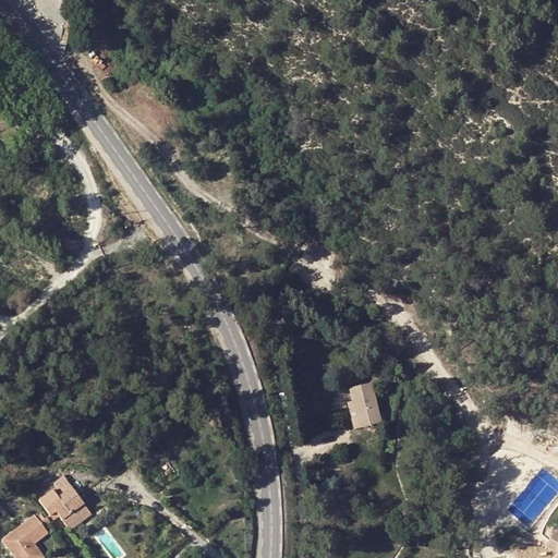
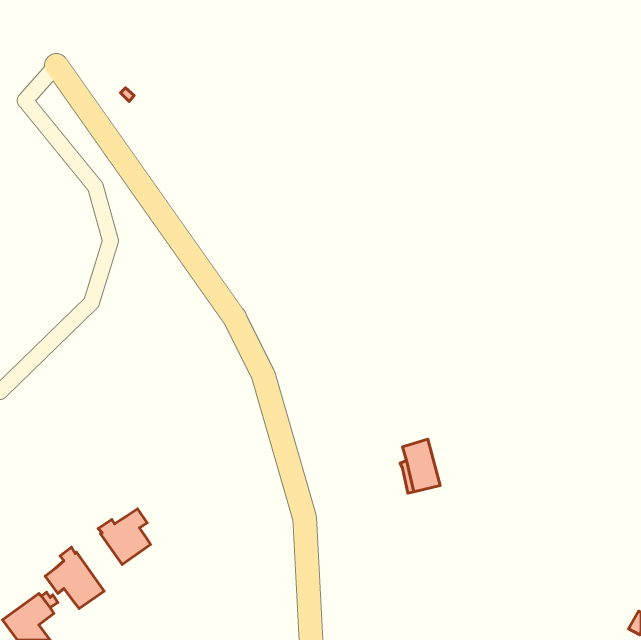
building: none -> [98,509,151,565]

